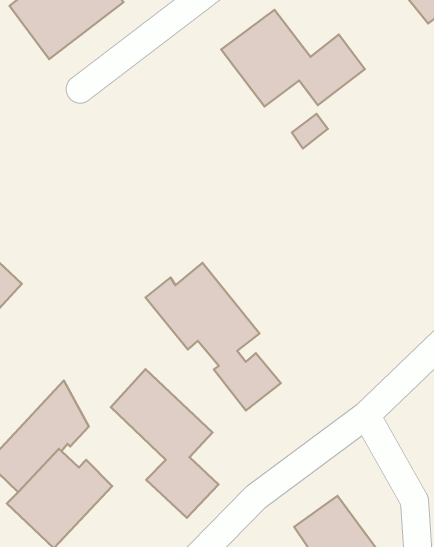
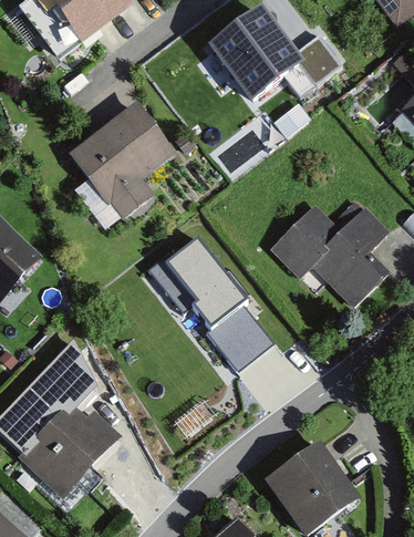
building: none -> [70,109,174,220]
building: none -> [273,204,390,303]
building: [111,369,219,518] -> none

